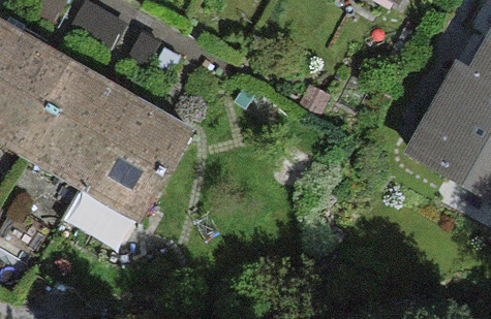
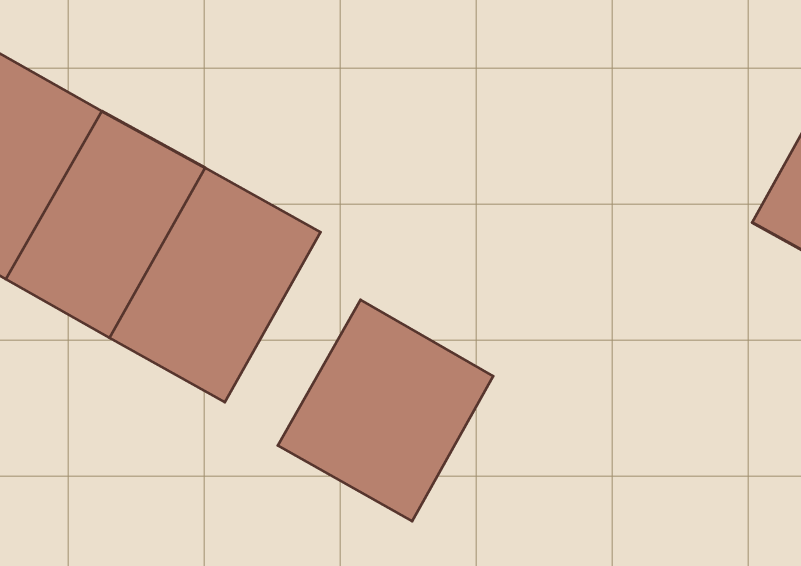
building: none -> [278,300,493,521]

